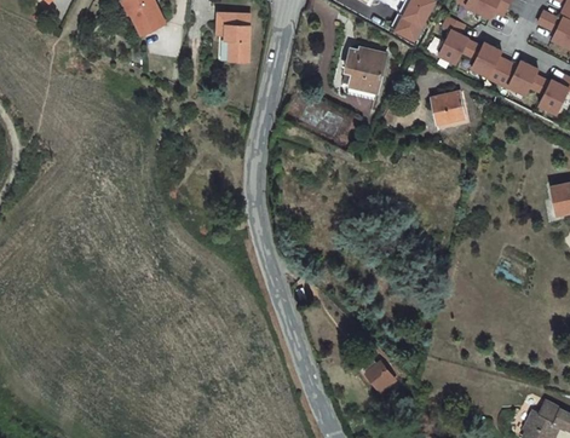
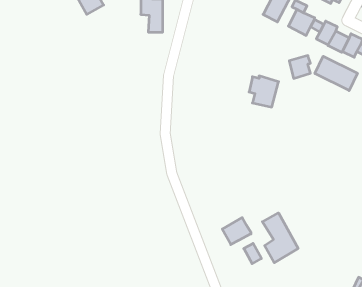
building: [342,48,385,93] -> [249,76,279,107]
building: none -> [315,56,357,91]
building: none -> [262,213,298,263]
building: none -> [222,218,251,245]

